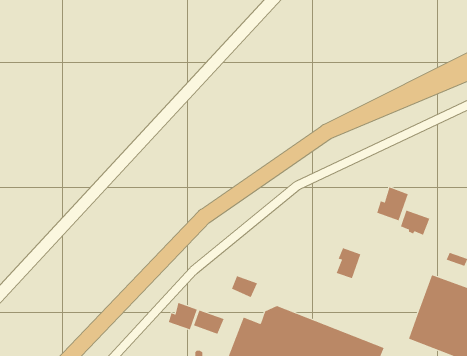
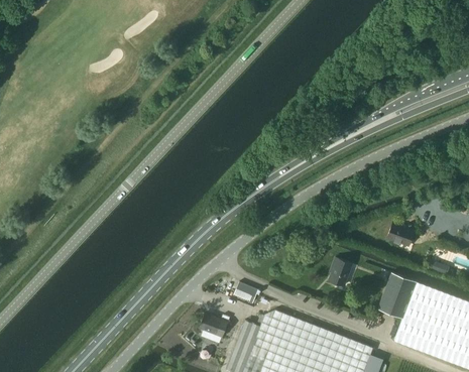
building: [377,186,408,221] -> none
building: none -> [378,273,416,319]
building: [168,302,197,330] -> none

